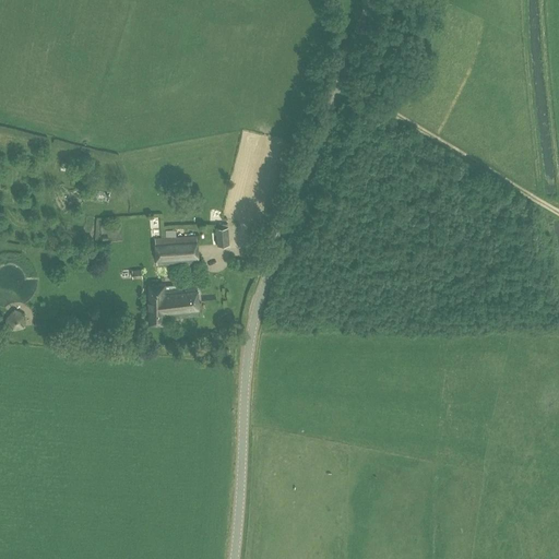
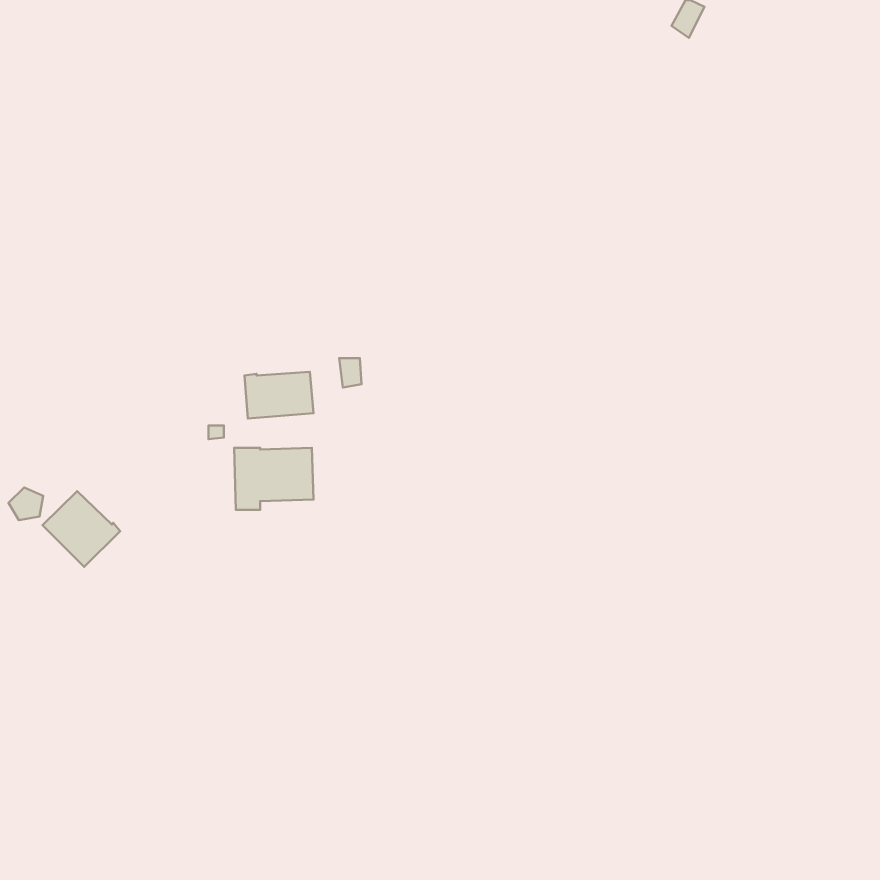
building: none -> [43,491,120,567]

